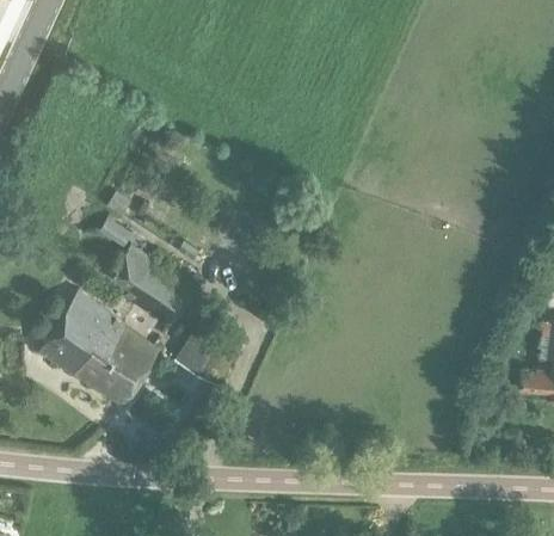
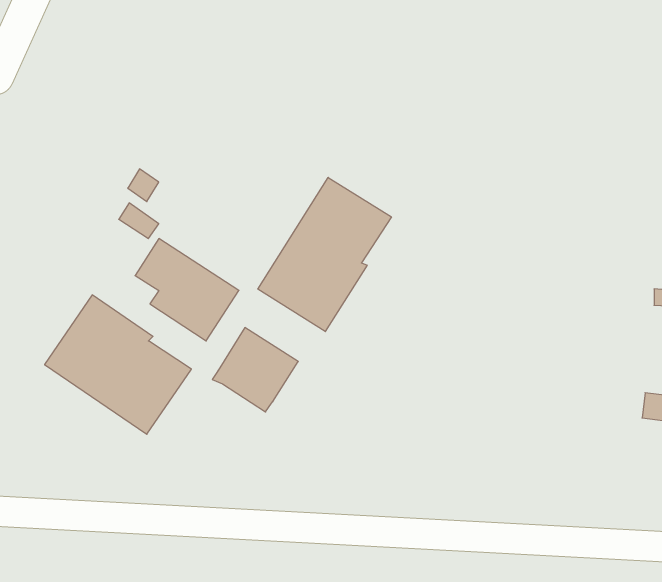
building: none -> [258,177,391,332]

